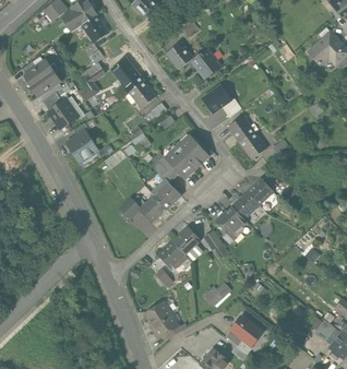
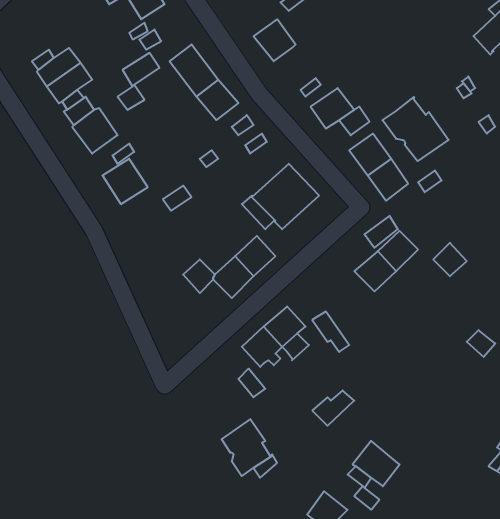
building: [191,47,220,76] -> none
building: none -> [382,97,449,161]
building: [216,206,247,239] -> none

